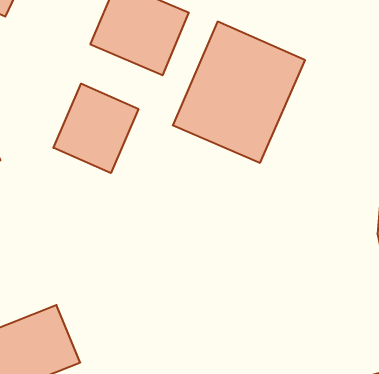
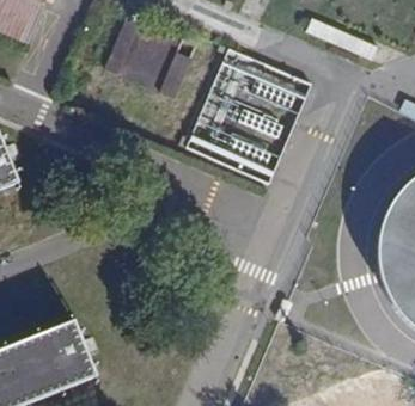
building: [53,84,138,173] -> none

